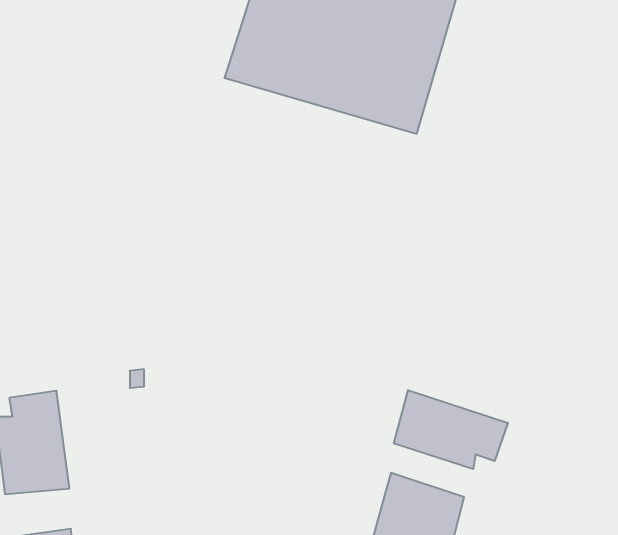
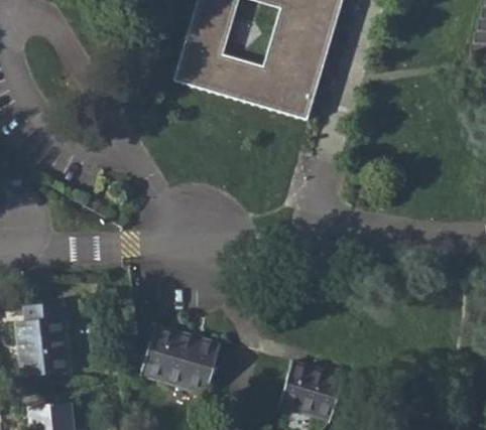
building: [394,390,508,469] -> none
building: none -> [137,328,224,394]

